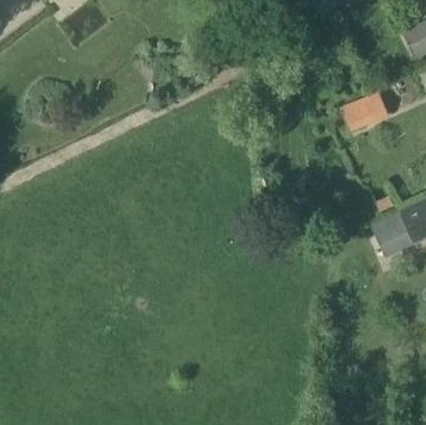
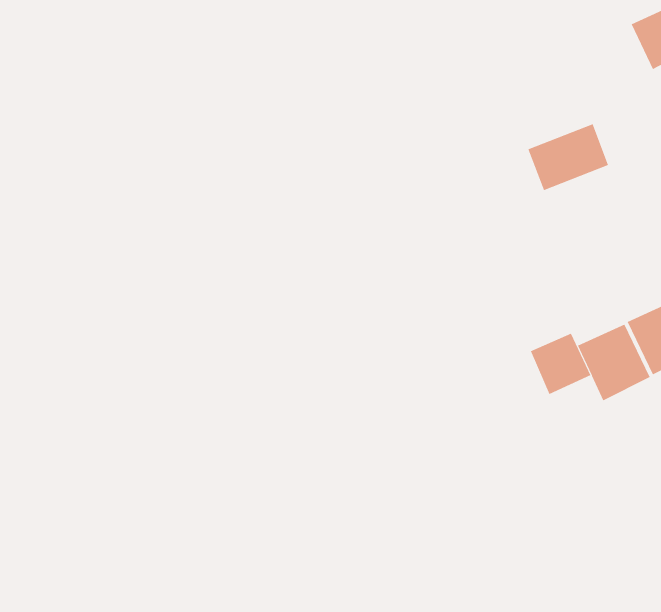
building: none -> [530,333,591,395]

